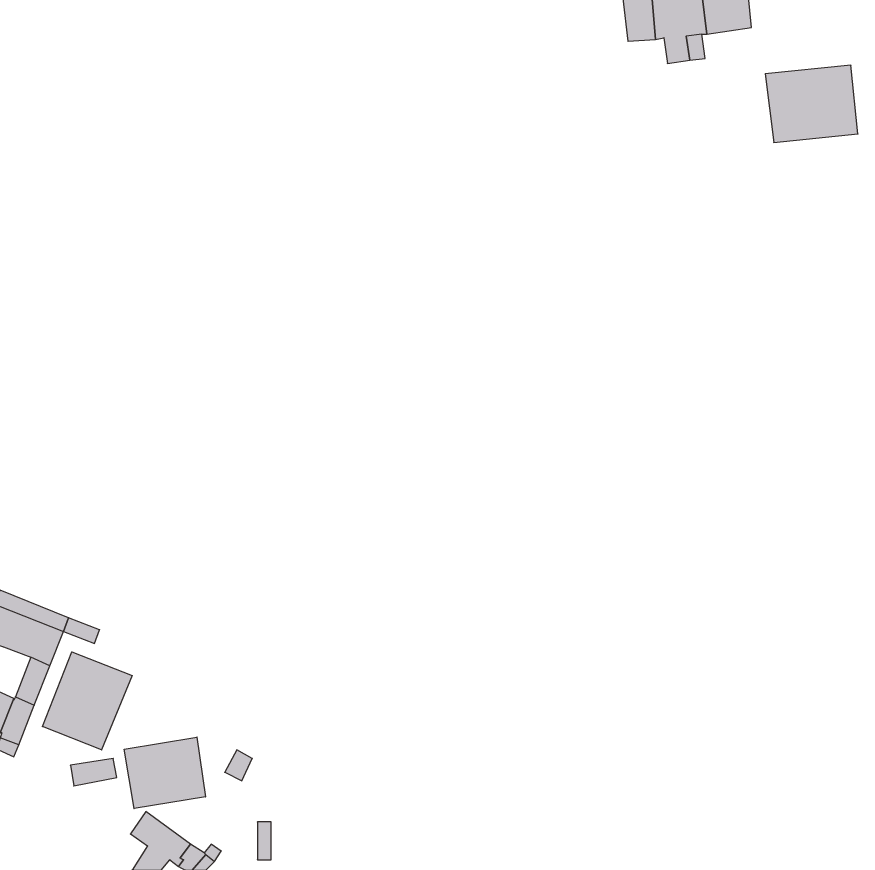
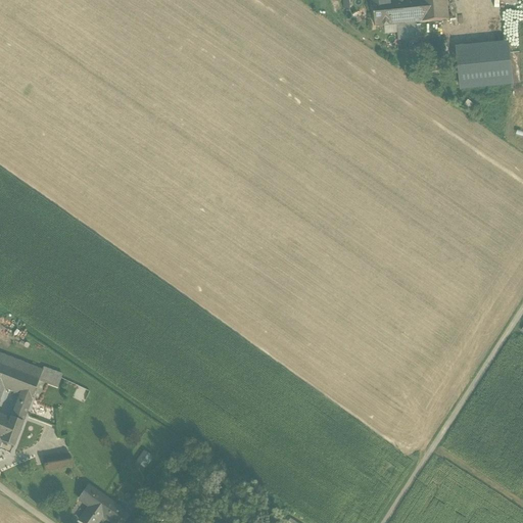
building: [42,652,132,750] -> none
building: [124,737,205,809] -> none

